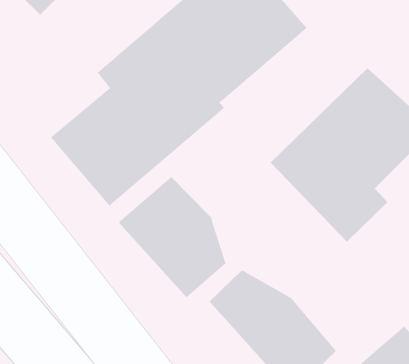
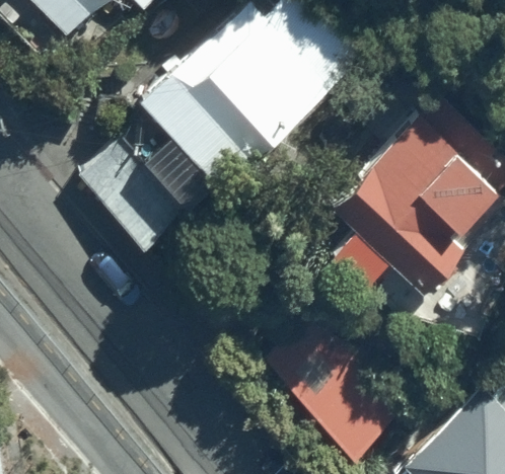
building: [118,176,226,298] -> none

